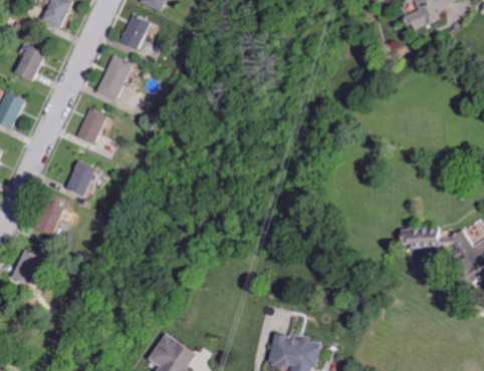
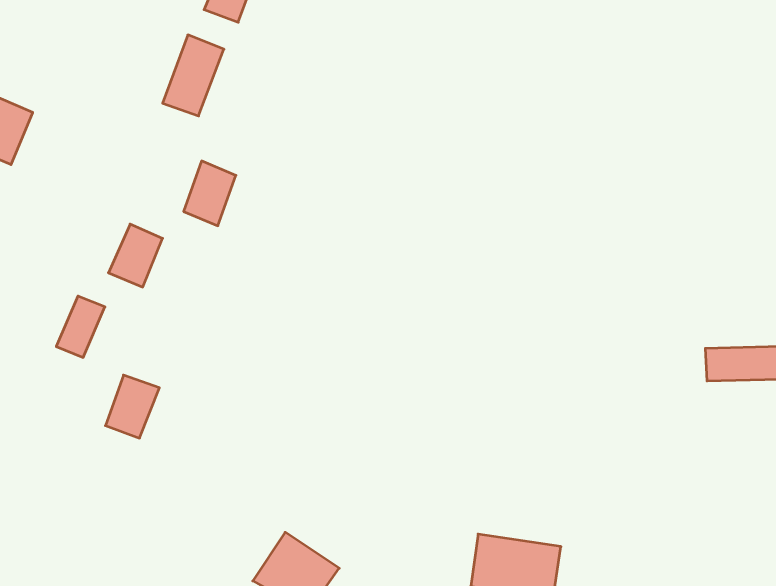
building: [15,45,46,81] -> none
building: [77,108,106,144] -> [184,161,236,226]
building: [14,251,44,286] -> [105,375,159,438]

